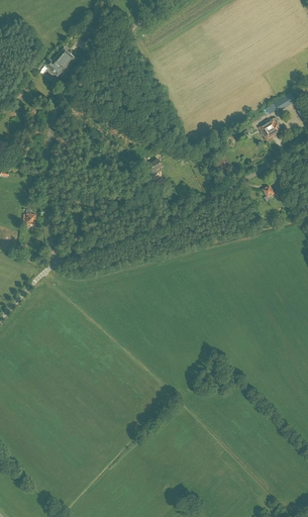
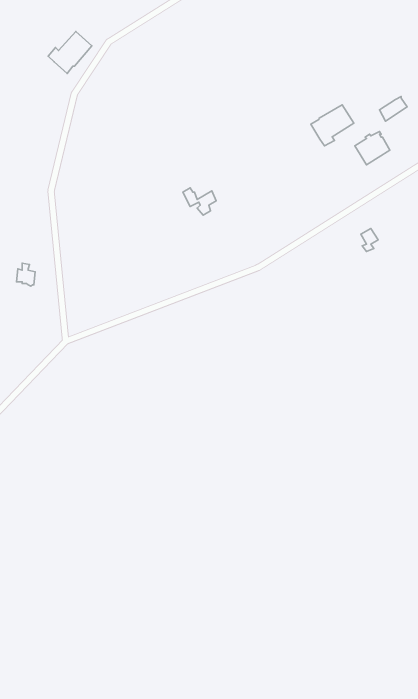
building: none -> [311,105,354,146]

